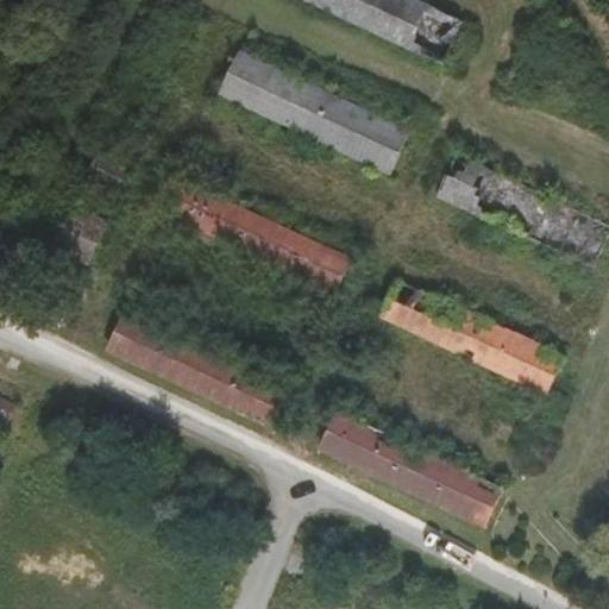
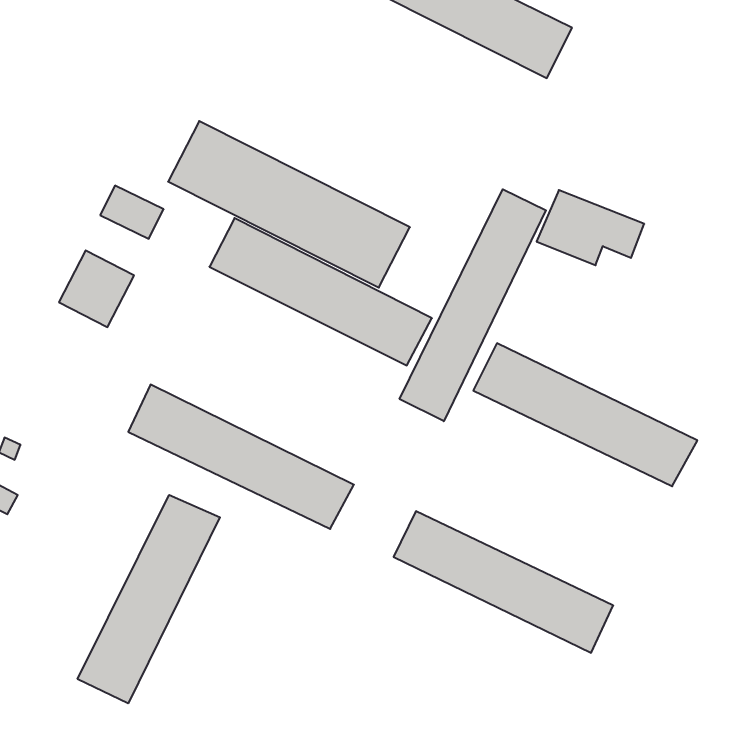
building: [215,45,410,180] -> [168,121,410,288]
building: none -> [400,189,546,421]
building: none -> [78,495,220,703]

